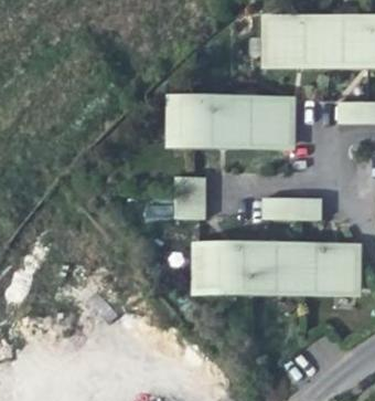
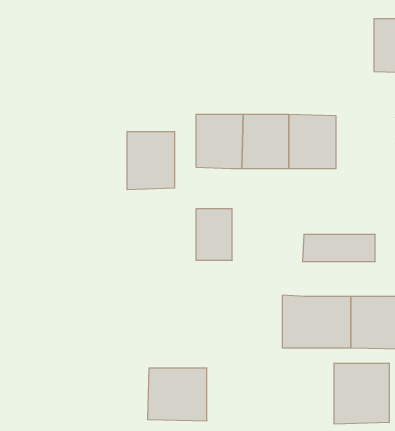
building: [266,20,322,64] -> none
building: none -> [127,131,174,190]
building: [199,247,247,291] -> [147,368,207,421]
building: none -> [334,363,389,424]

